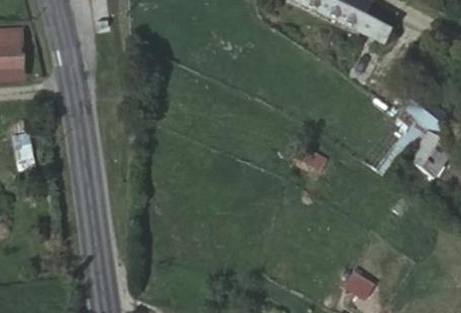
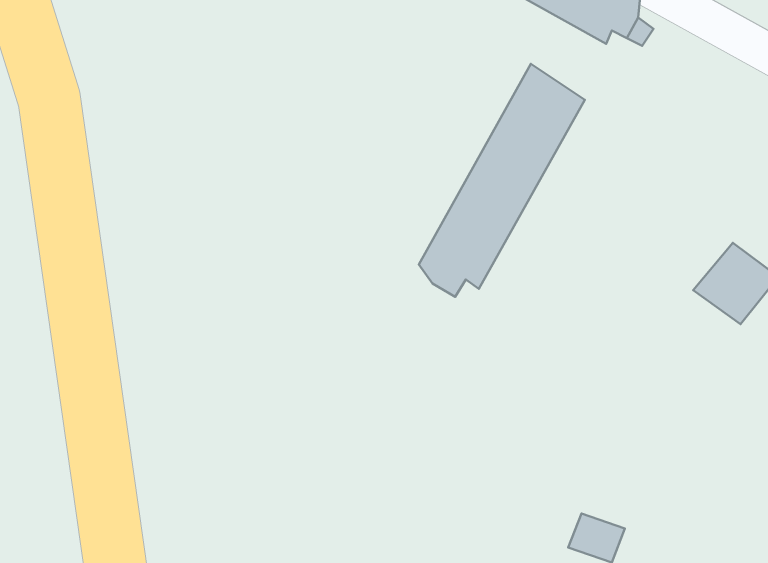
building: none -> [419,64,585,297]

